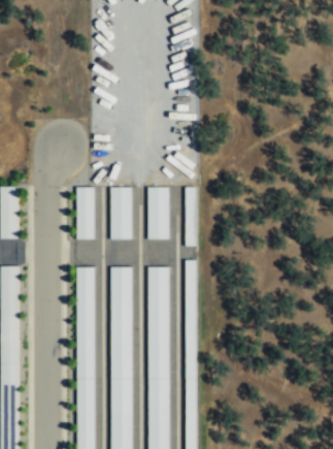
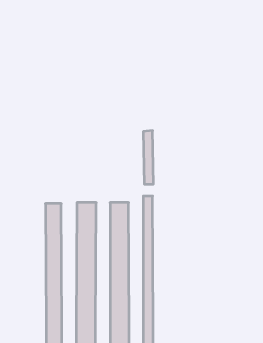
building: [110,188,133,240] -> none
building: [76,189,95,242] -> none
building: [148,189,170,240] -> none

